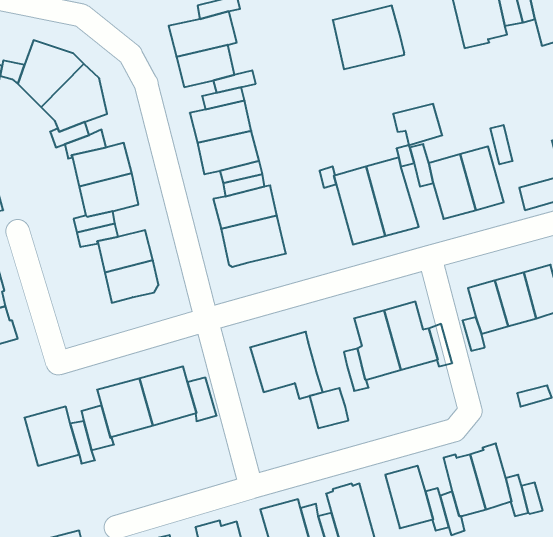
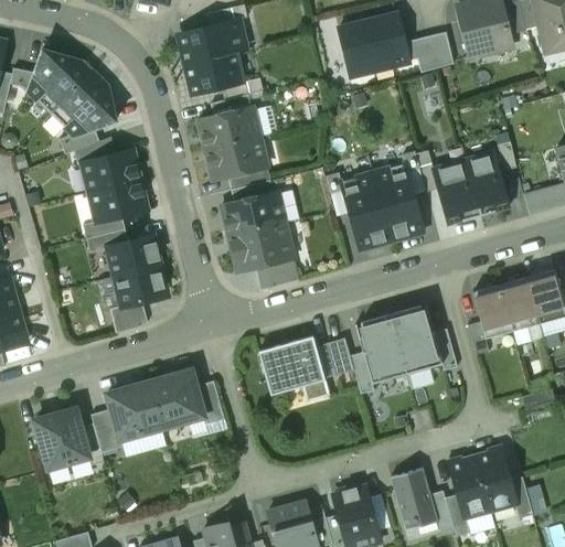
building: [393,104,442,145] -> [405,32,454,73]
building: none -> [255,258,298,290]
building: none -> [110,301,147,333]
building: [309,388,348,428] -> [315,337,353,377]

